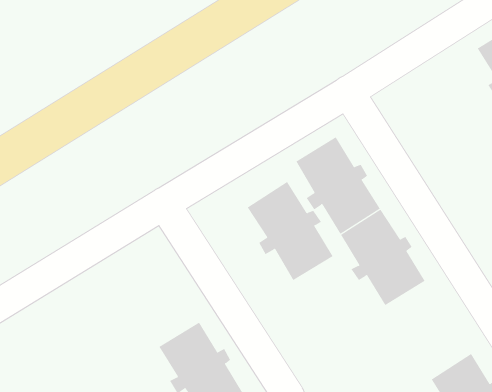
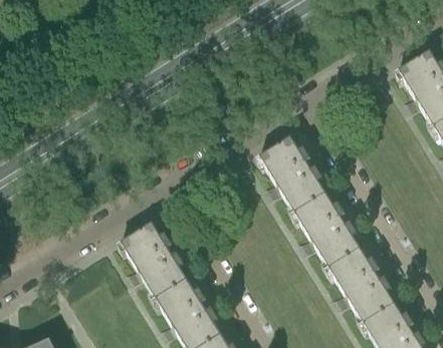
building: [247,181,334,281] -> [122,224,188,300]
building: none -> [329,250,396,325]

